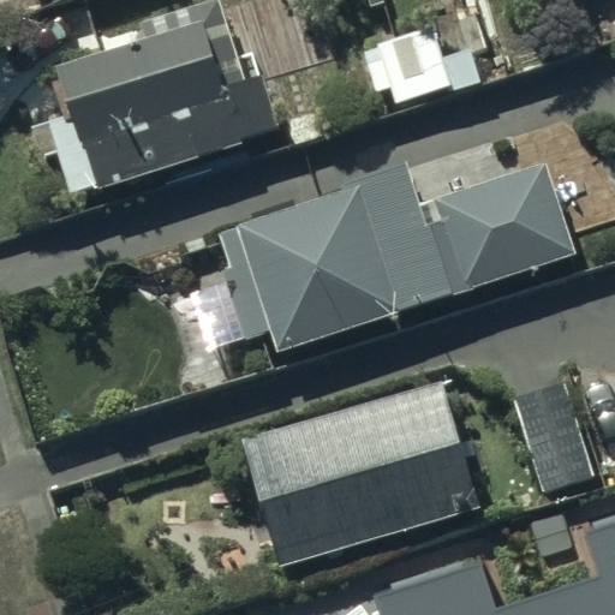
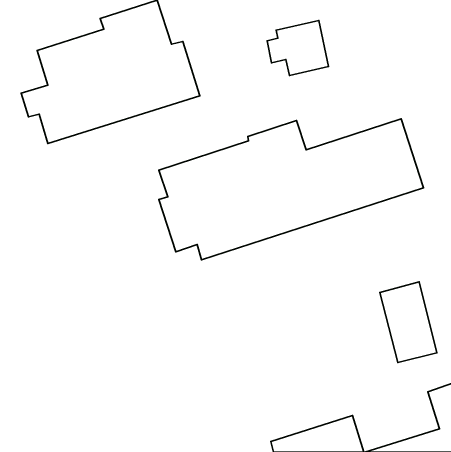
building: [240,381,482,566] -> none

